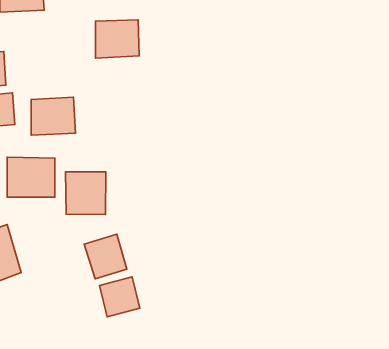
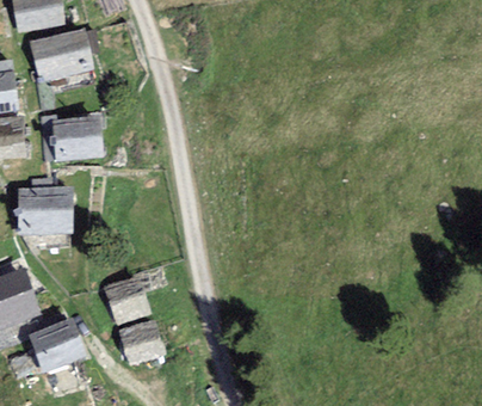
building: [96,20,139,58] -> [37,39,85,81]
building: [65,172,106,214] -> none
building: none -> [32,319,87,370]

